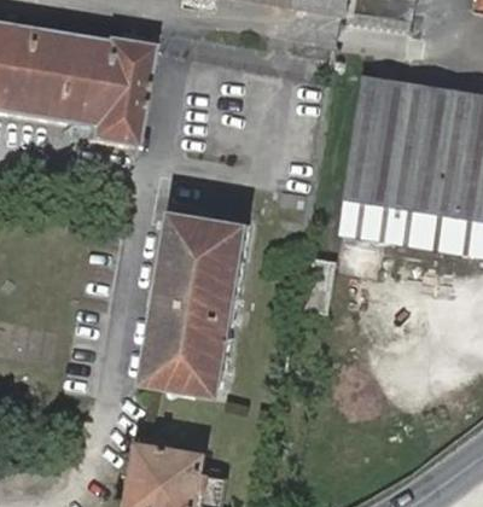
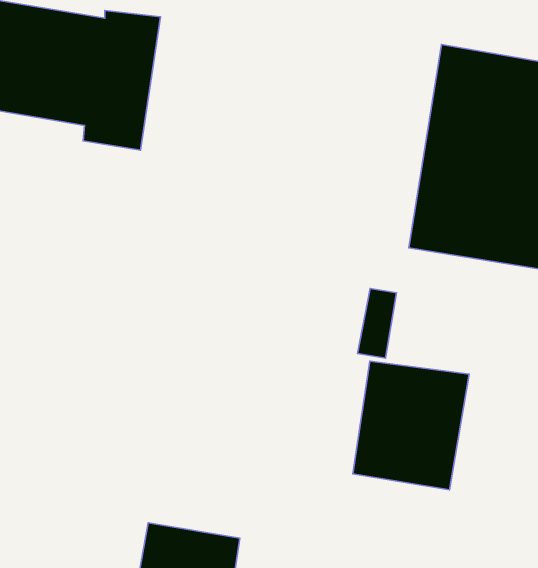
building: [140,206,251,395] -> none
building: none -> [353,361,469,490]

